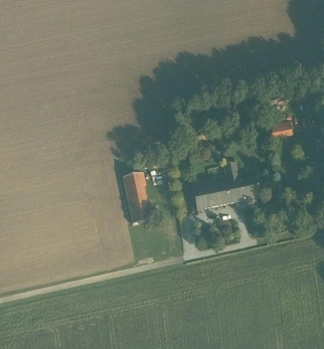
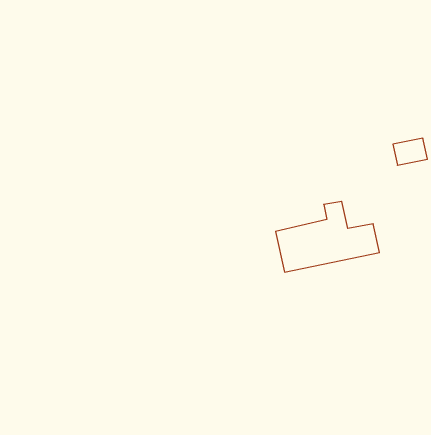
building: [124,171,154,222] -> none

